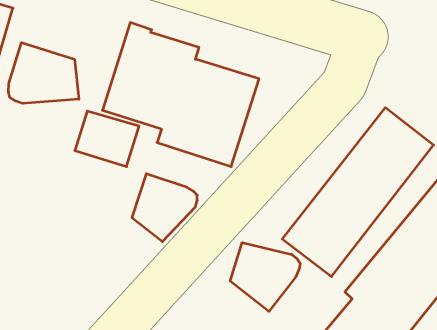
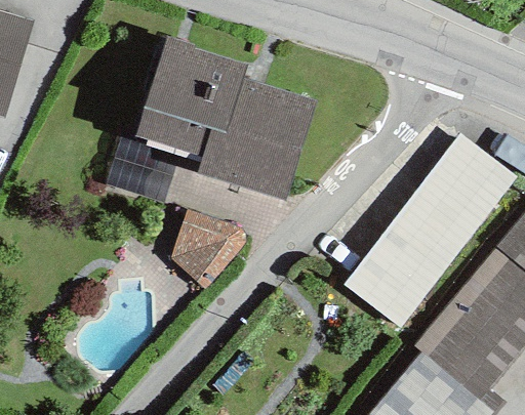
building: [9,43,79,103] -> none
building: [230,243,300,311] -> none

